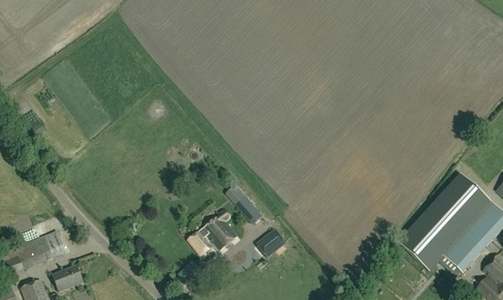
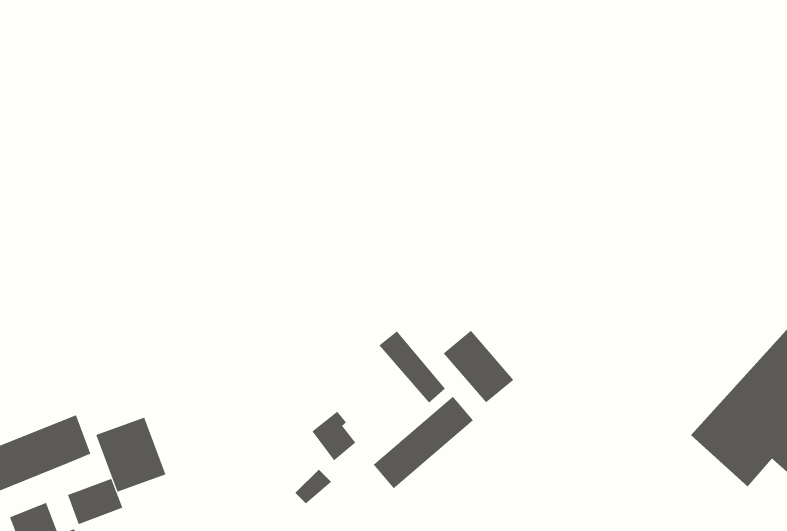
building: none -> [443,330,514,403]
building: [202,209,237,250] -> none
building: none -> [96,417,166,493]

